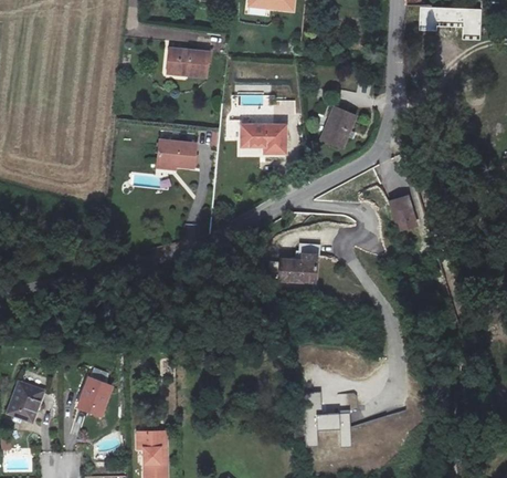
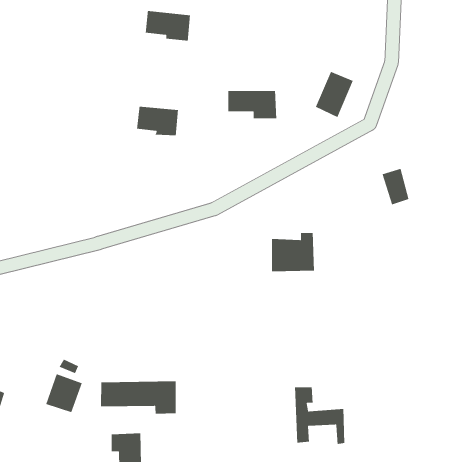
building: none -> [100,381,177,415]

